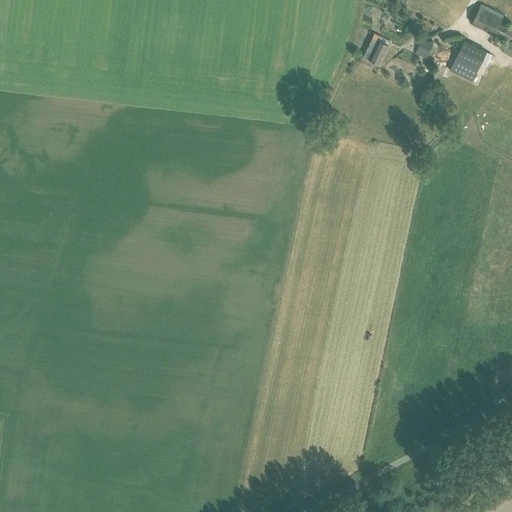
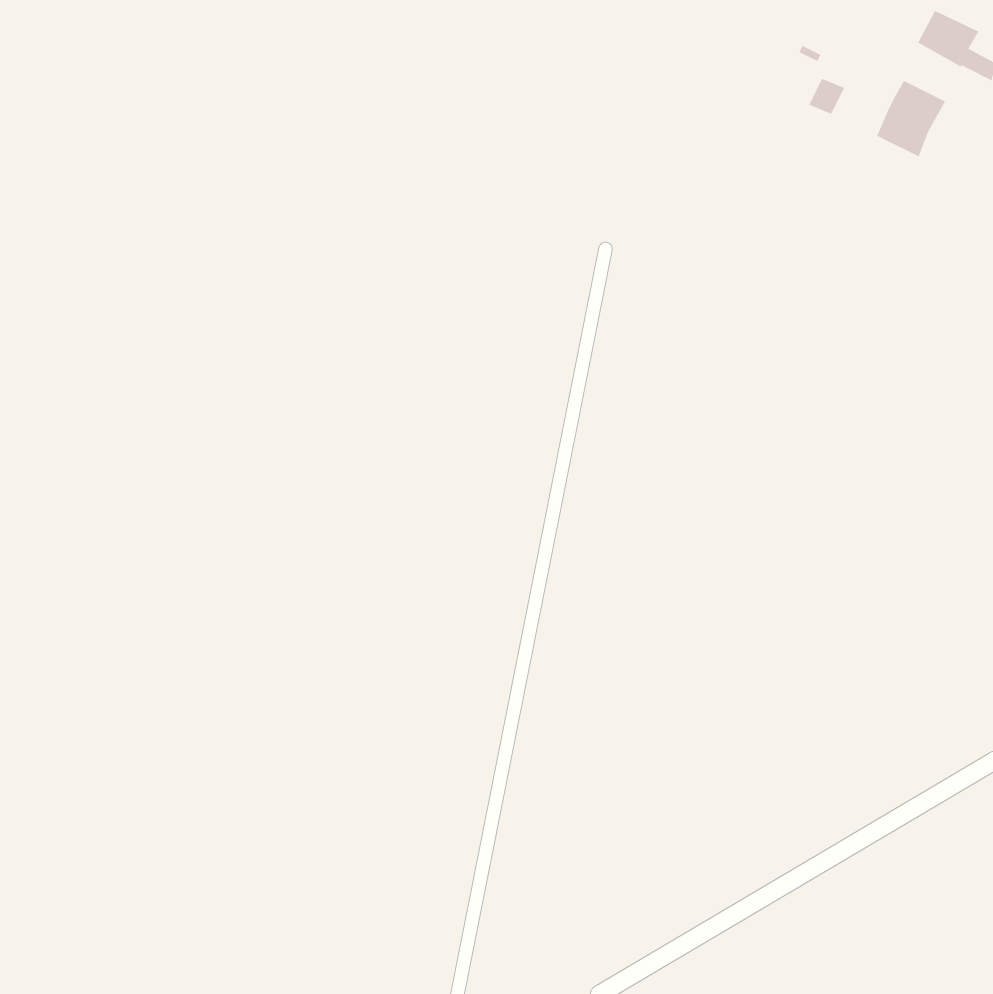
building: [363,33,388,64] -> none

